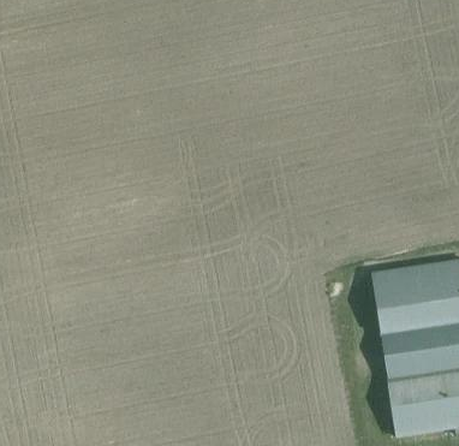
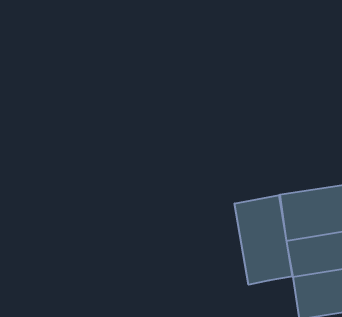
building: none -> [235,195,292,285]

